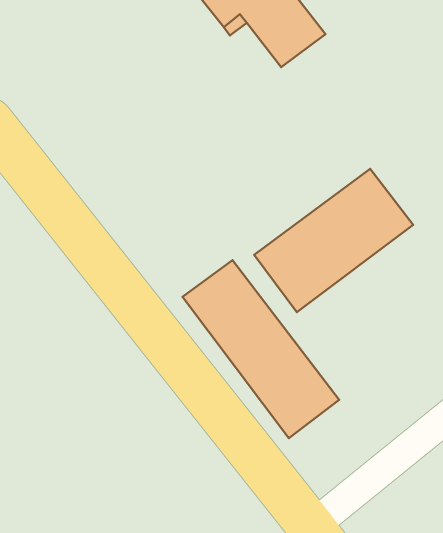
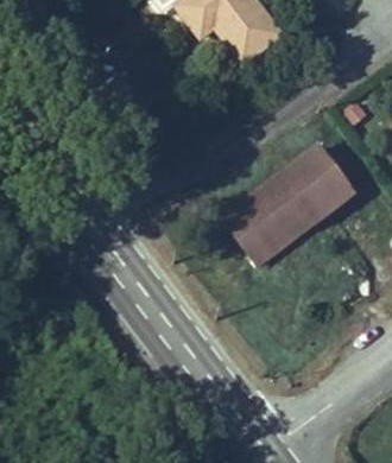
building: [182,260,339,438] -> none

